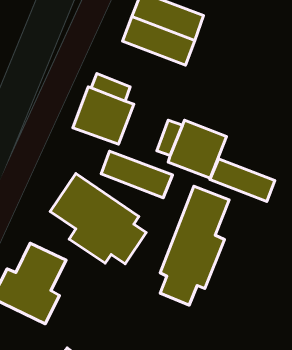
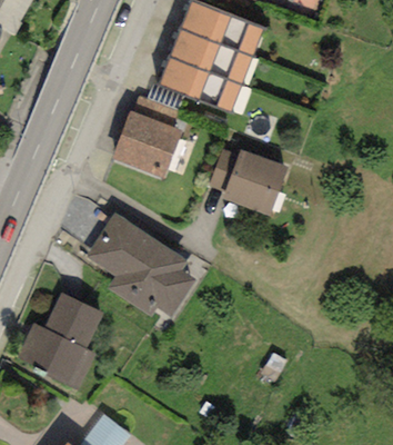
building: [101,151,173,198] -> [158,57,241,111]
building: [210,159,275,202] -> none
building: [160,186,229,305] -> none

